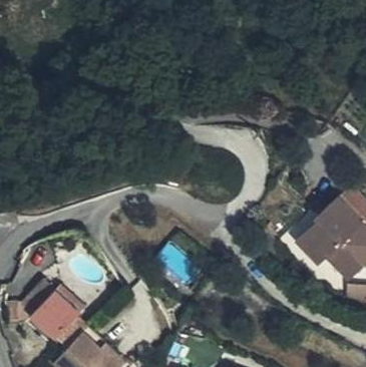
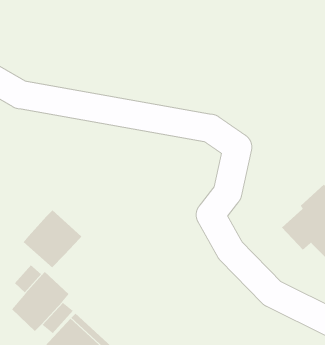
building: none -> [23,209,82,268]

